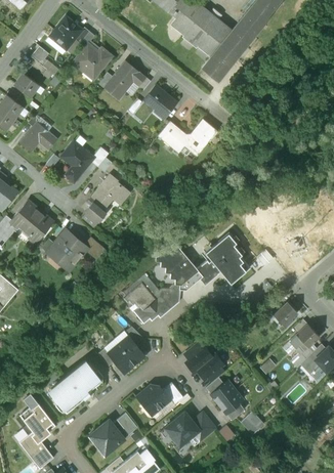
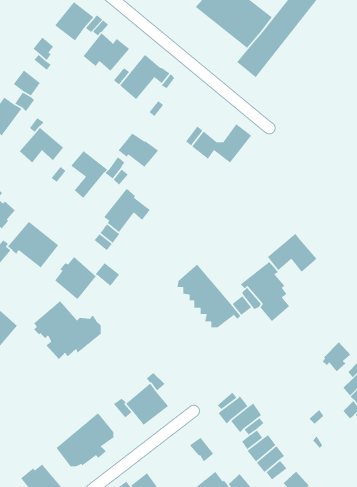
building: [141,87,176,117] -> [118,132,159,168]
building: none -> [267,233,317,273]
building: [122,275,179,326] -> [33,300,102,360]
building: [136,386,169,415] -> none

